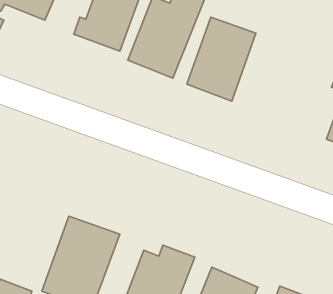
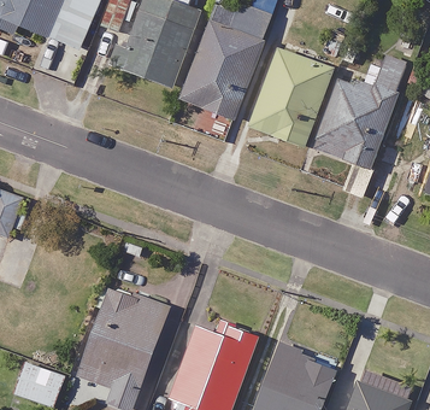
building: none -> [314,36,413,198]

